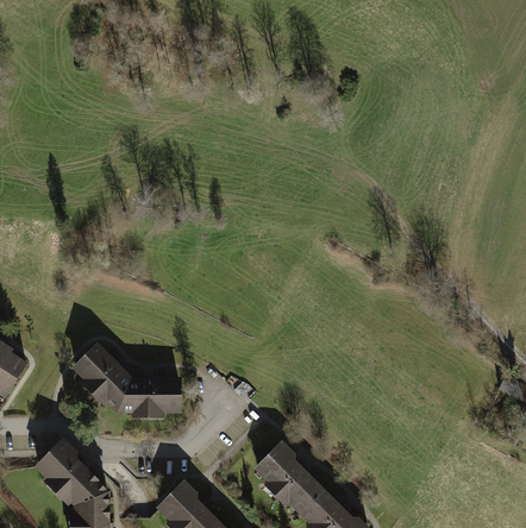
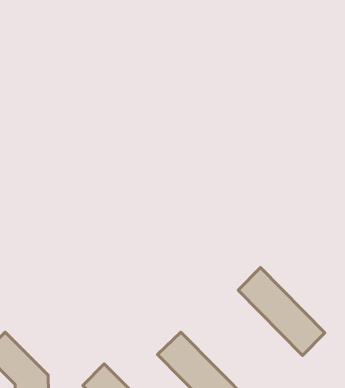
building: [70,344,180,413] -> none
building: none -> [238,268,325,355]

